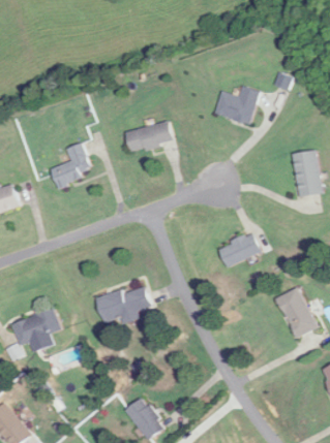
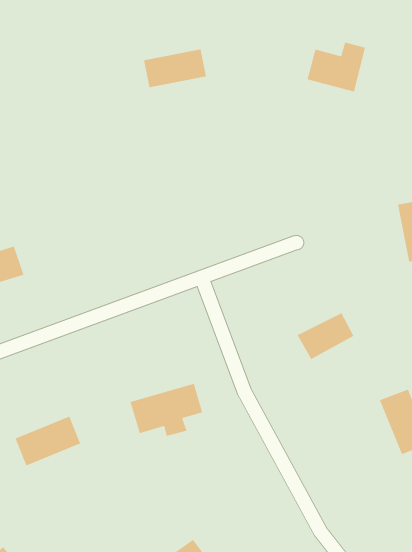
building: [214,86,258,123] -> [306,41,366,92]
building: [125,122,172,151] -> [143,48,207,88]
building: [50,143,90,188] -> none

